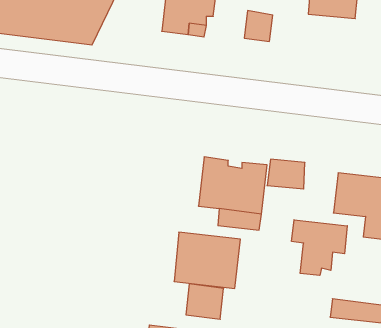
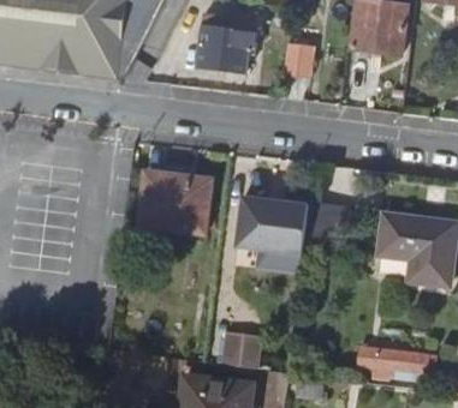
building: [292,220,347,275] -> none
building: [174,232,240,288] -> [141,175,210,234]

